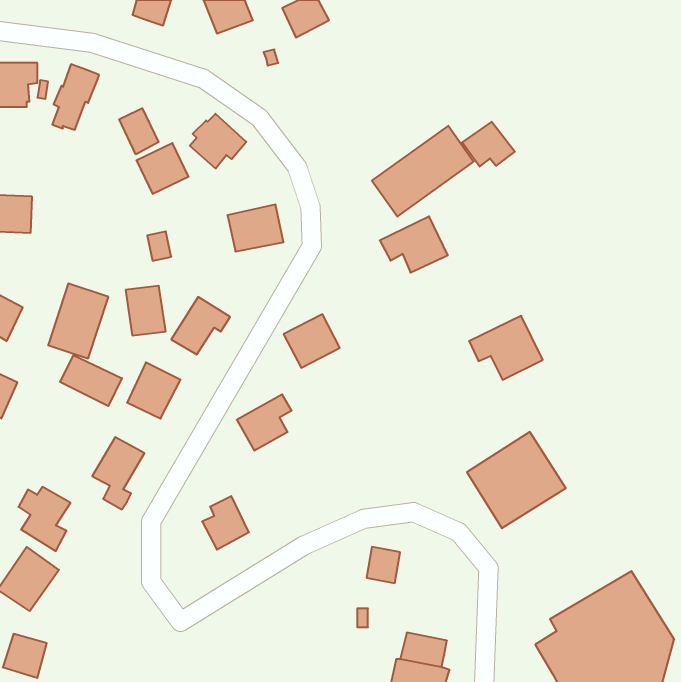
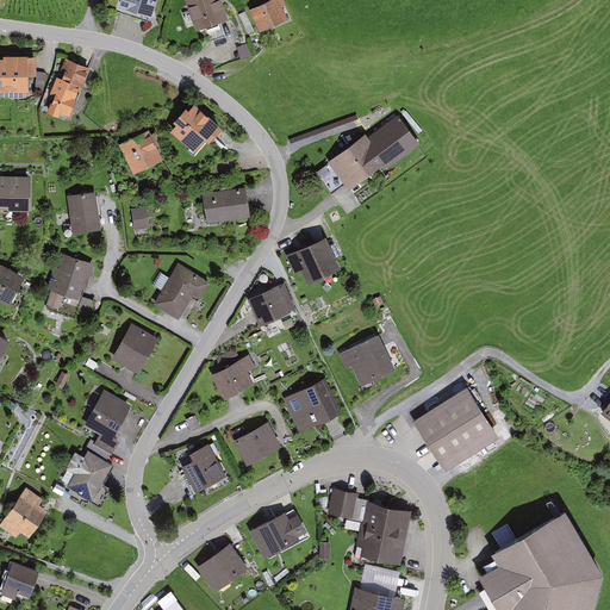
building: [119,108,159,154] -> none
building: [462,122,515,167] -> none
building: [380,216,448,273] -> [287,235,348,285]
building: [126,286,166,335] -> [68,192,104,236]
building: [469,316,543,380] -> [336,331,402,388]
building: [60,355,122,406] -> none
building: none -> [284,378,344,436]
building: none -> [231,422,279,465]
building: [18,487,71,551] -> [64,450,111,508]
building: none -> [353,502,409,565]
building: none -> [249,512,306,560]
building: none -> [198,542,254,595]

